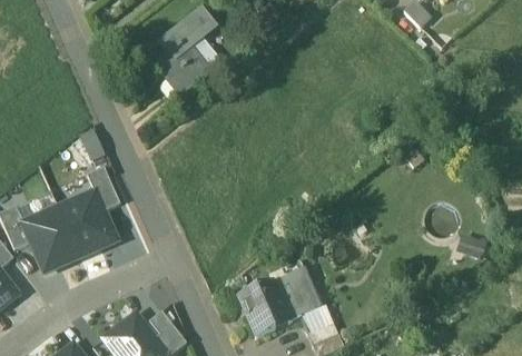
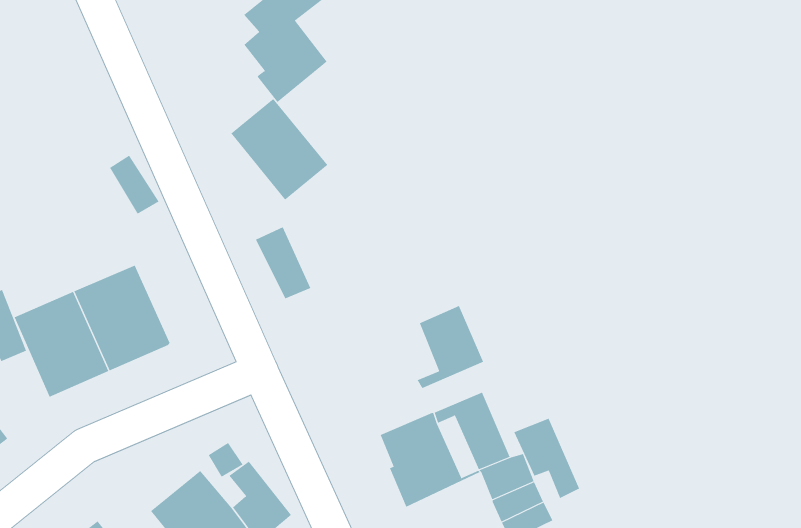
building: none -> [231,98,328,200]
building: [86,167,119,210] -> [255,227,311,299]
building: none -> [417,305,484,389]
building: none -> [513,418,580,499]

